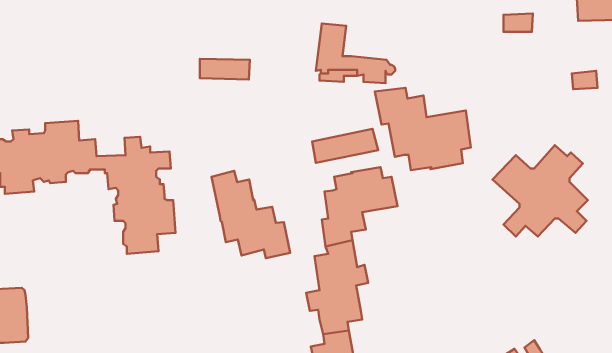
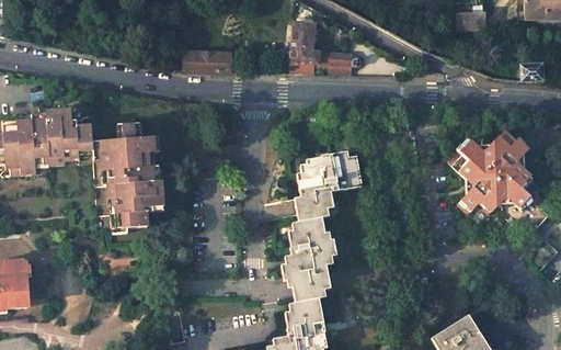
building: [375,88,471,170] -> none
building: [312,129,378,163] -> none
building: [212,171,290,258] -> none

